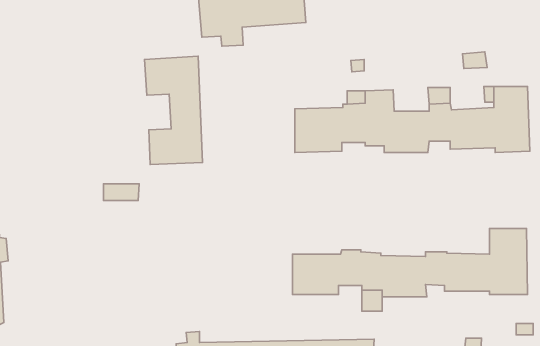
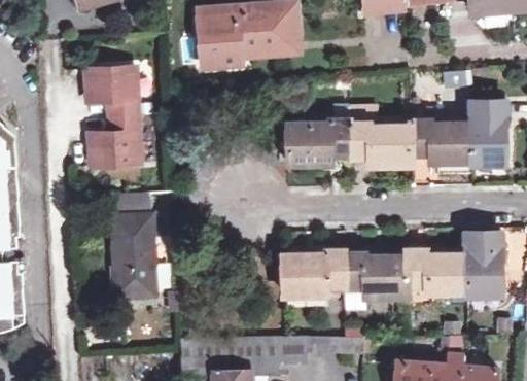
building: [144,56,203,165] -> [84,66,138,166]
building: none -> [111,214,155,299]

